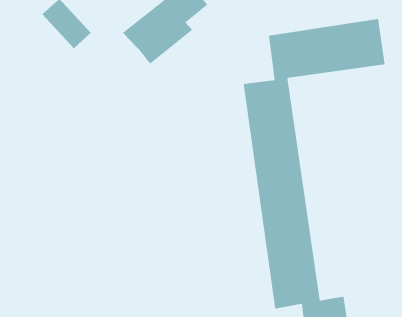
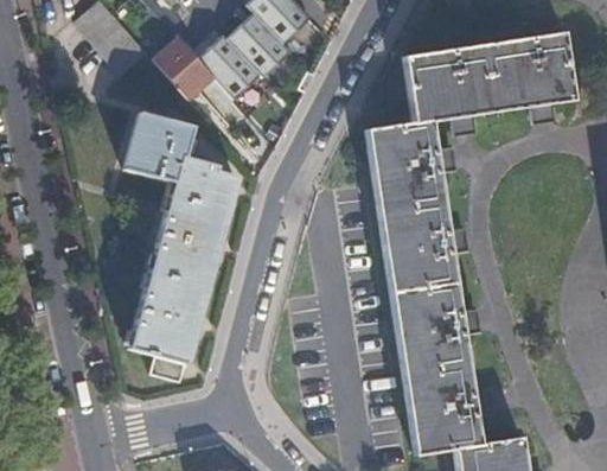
building: none -> [153,37,215,98]
building: none -> [124,112,235,386]

